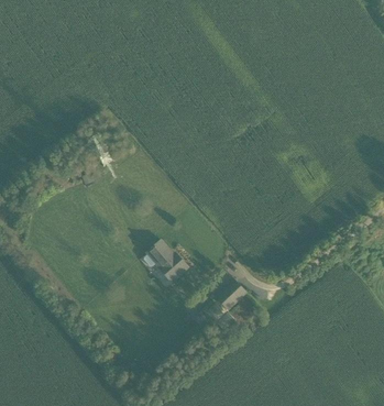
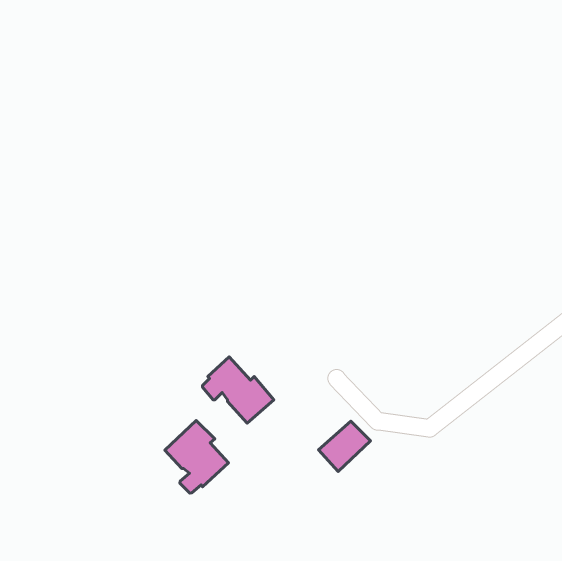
building: none -> [165,420,228,493]

